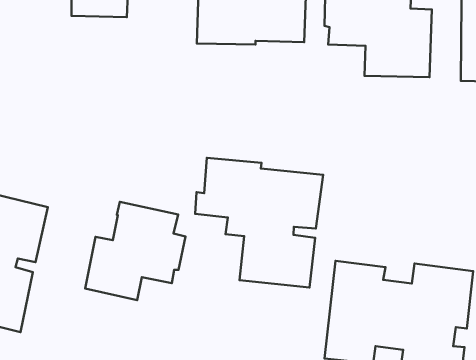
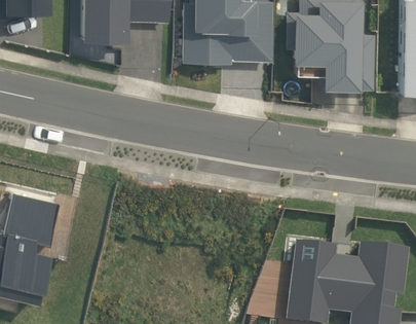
building: [195,158,323,287] -> none
building: [85,202,185,300] -> none

